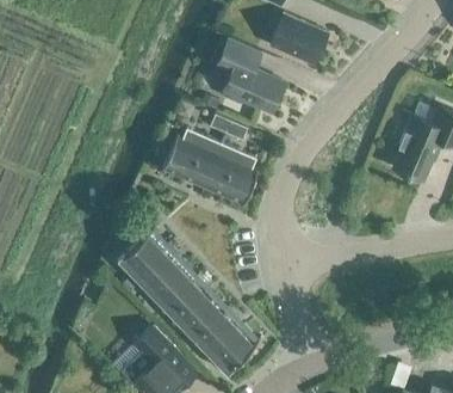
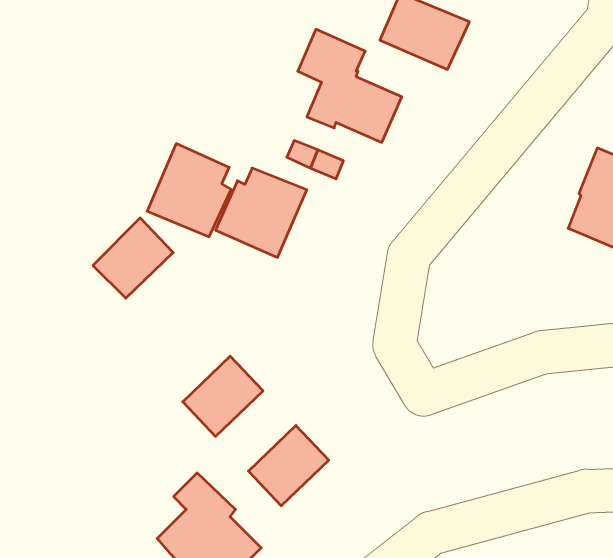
building: [204,142,259,203] -> [147,144,231,237]
building: [120,228,173,281] -> [93,218,173,298]
building: [163,274,216,326] -> none
building: [206,319,259,371] -> none

